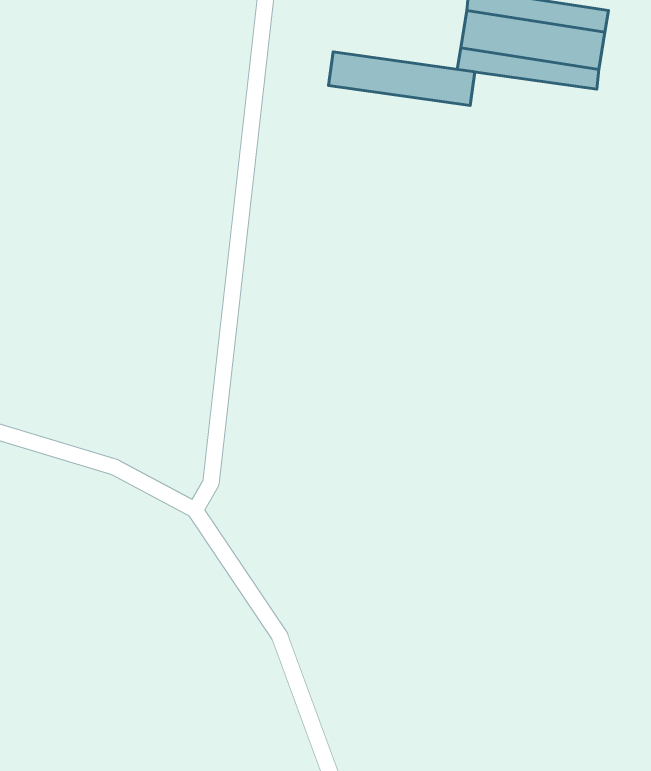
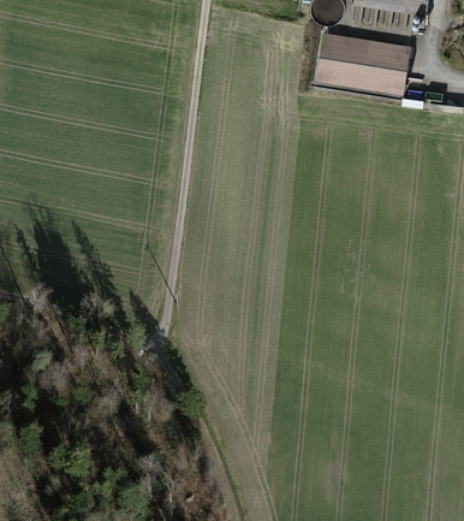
building: [328,52,475,105] -> none

